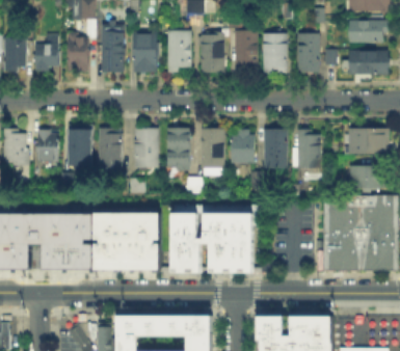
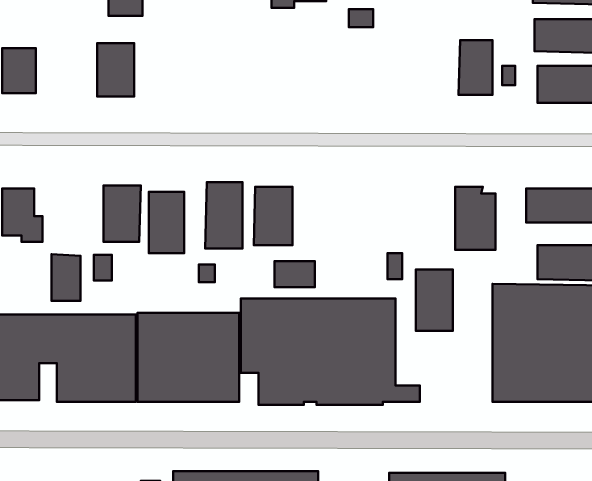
building: [102,30,124,72] -> none
building: [169,31,191,70] -> none
building: [235,31,257,70] -> none
building: [134,34,158,73] -> none
building: [201,34,225,72] -> none
building: [36,35,58,69] -> none
building: [263,35,288,72] -> none
building: [201,128,224,169] -> none
building: [231,129,255,163] -> none
building: [264,130,288,169] -> [416,269,453,331]
building: [38,131,57,161] -> [52,254,81,301]

